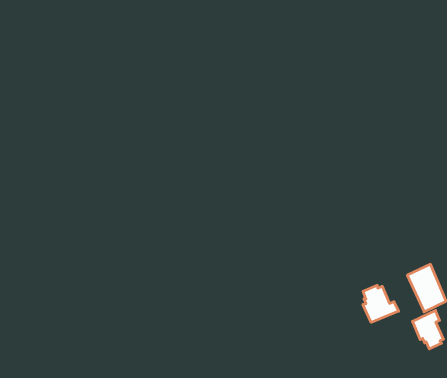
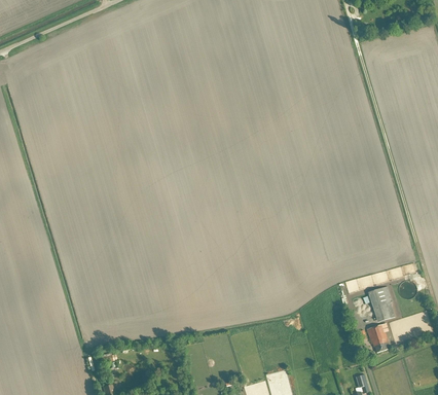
building: [363,285,399,322] -> none

